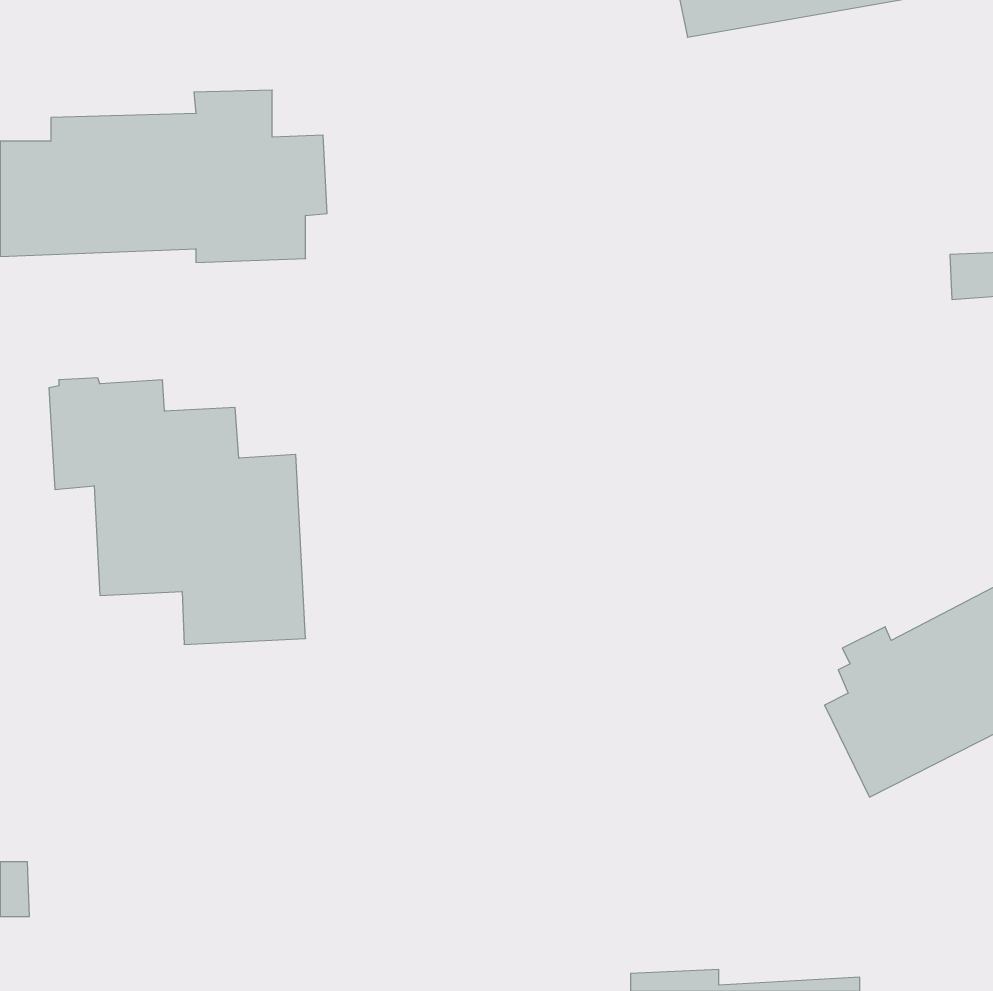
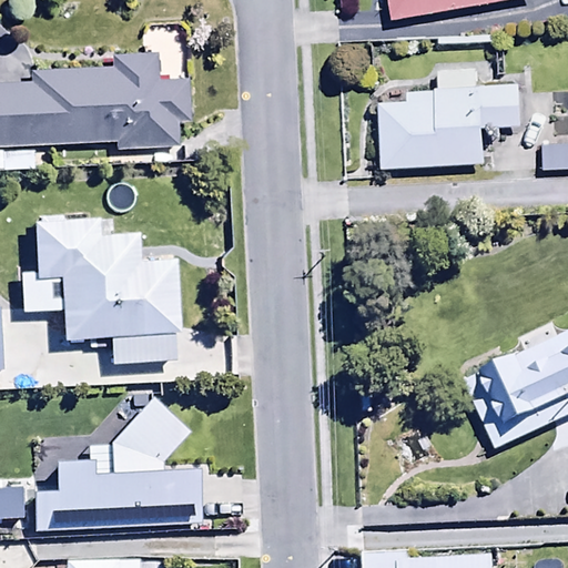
building: none -> [378,69,521,169]
building: none -> [33,396,202,531]

